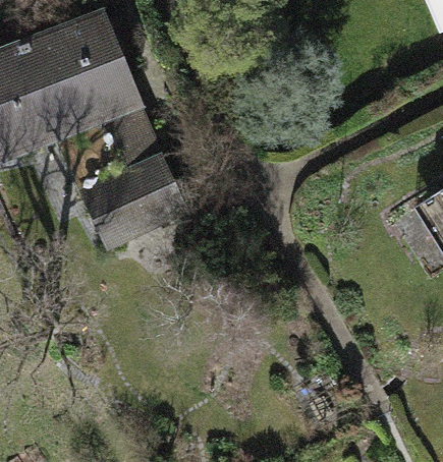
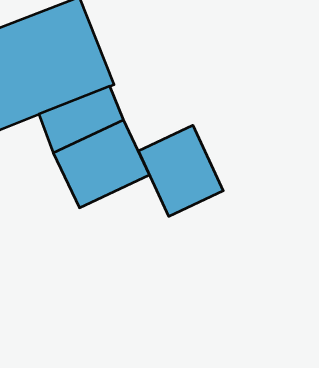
building: none -> [138,125,223,216]

